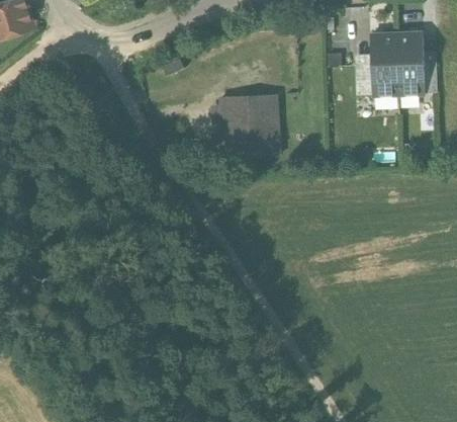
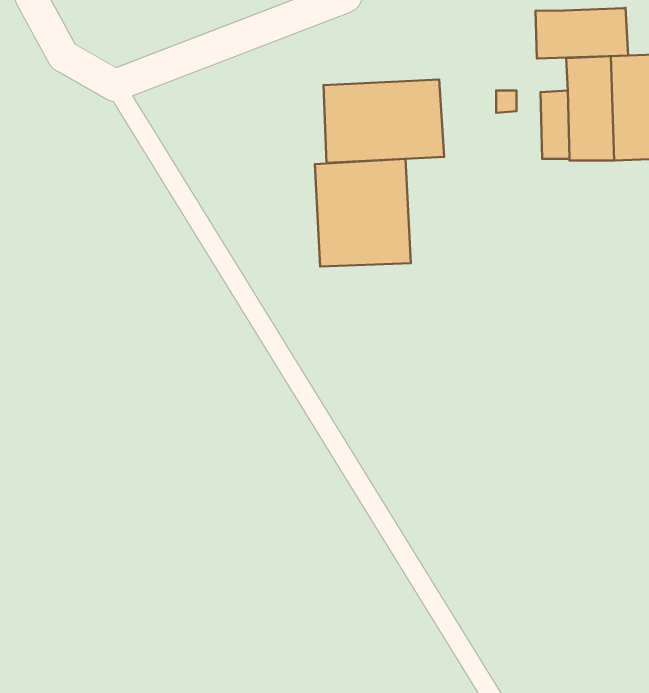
building: none -> [536,8,628,59]
building: none -> [323,80,444,163]

